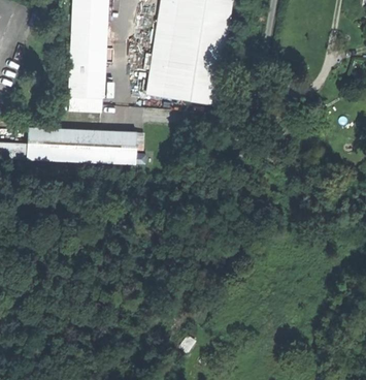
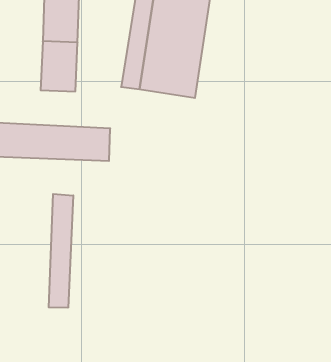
building: [68,96,102,112] -> none
building: none -> [49,194,73,308]

